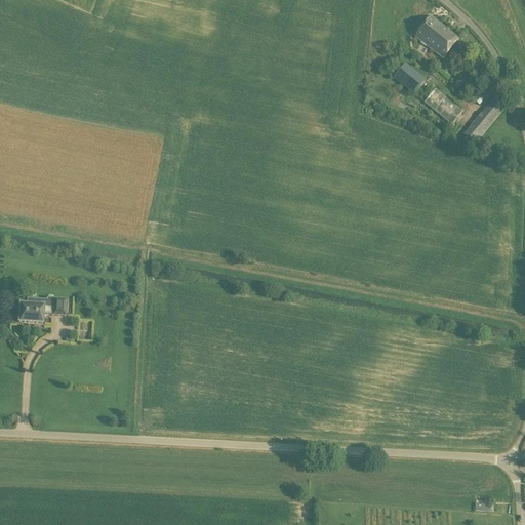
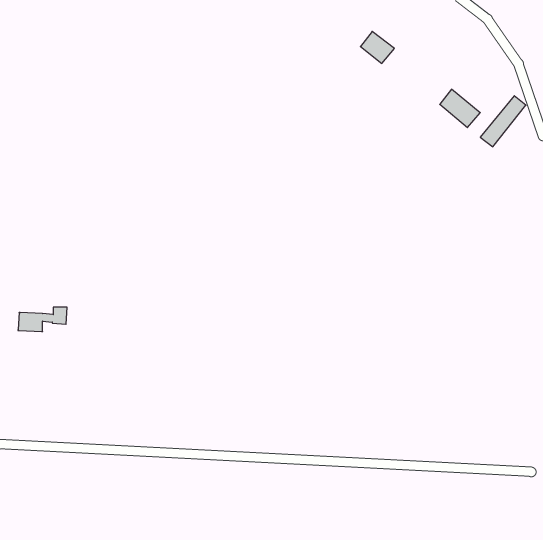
building: [415,14,458,56] -> none
building: [393,62,426,92] -> [360,31,394,63]

